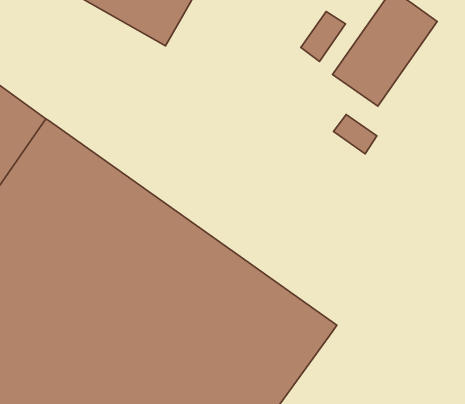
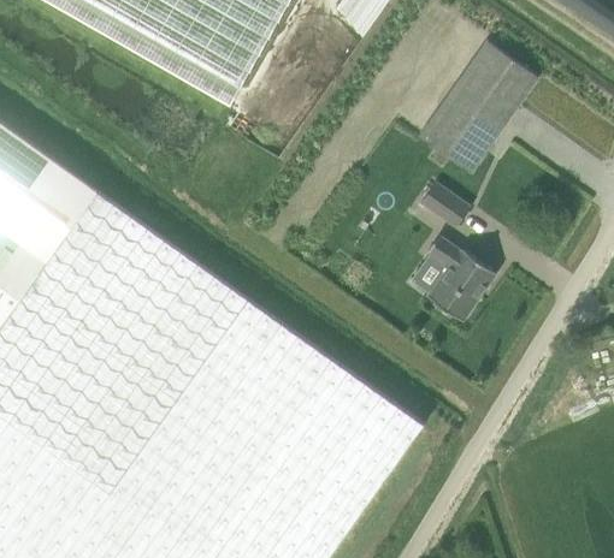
building: [301,11,346,62] -> none
building: none -> [426,236,495,320]

